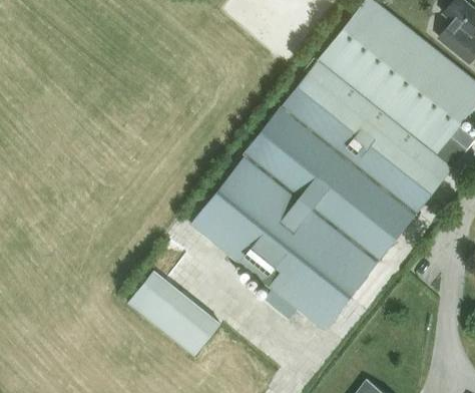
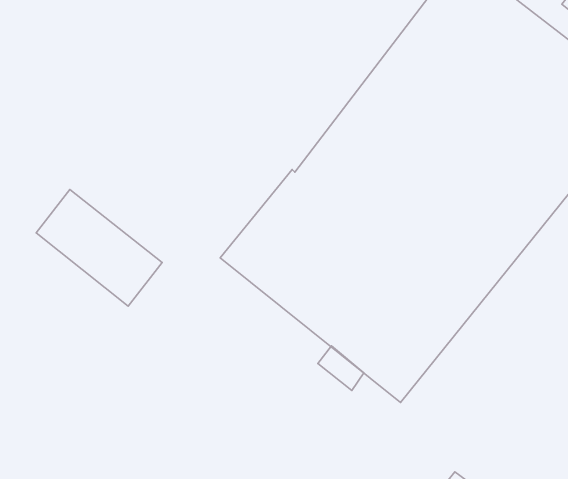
building: [122,268,215,354] -> [36,189,162,306]

